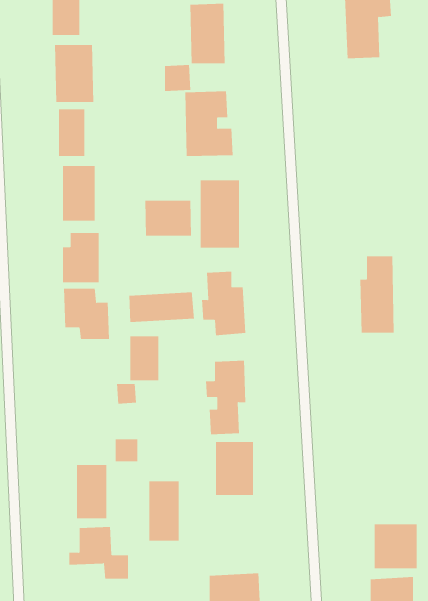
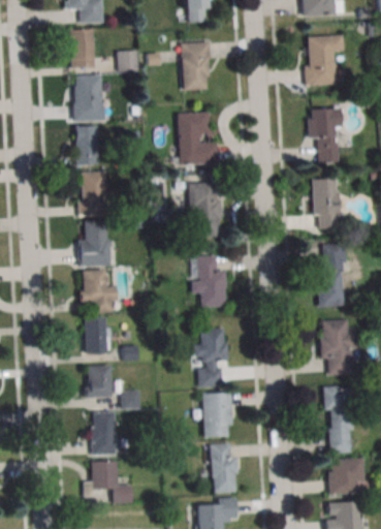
building: [164,65,191,92] -> [118,51,139,72]
building: none -> [308,107,342,163]
building: none -> [313,178,339,229]
building: [145,200,192,237] -> none
building: [129,292,195,323] -> none
building: [130,336,159,381] -> [86,317,109,353]
building: none -> [321,320,358,375]
building: none -> [86,366,113,397]
building: none -> [323,386,352,453]
building: [149,481,180,541] -> [212,443,236,492]

